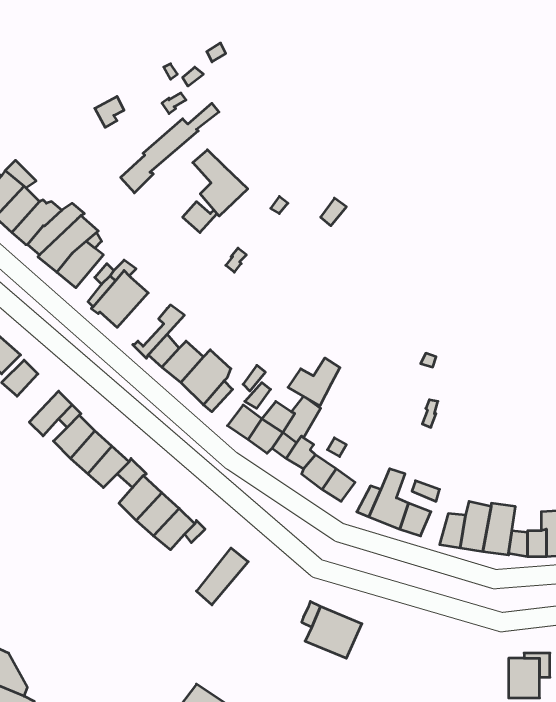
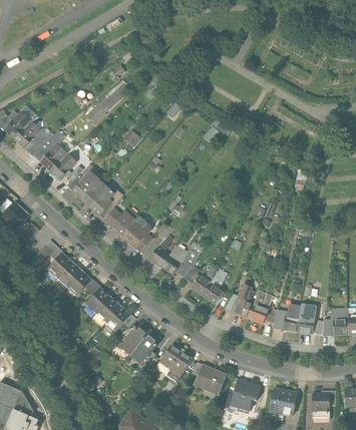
building: [193,150,248,216] -> none
building: none -> [84,181,113,212]
building: [288,358,340,406] -> none
building: none -> [119,321,150,355]
building: none -> [159,344,192,376]
building: none -> [230,378,261,410]
building: none -> [269,387,297,415]

